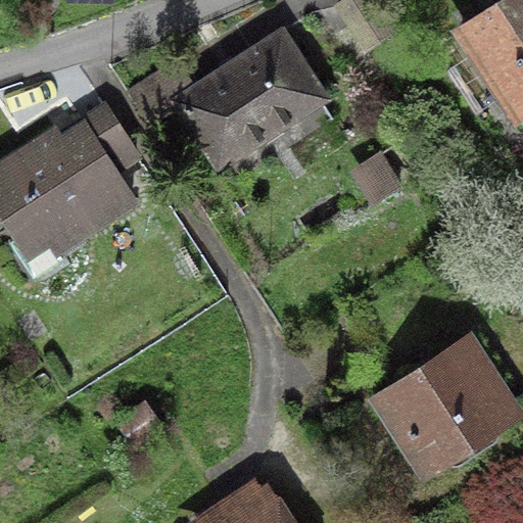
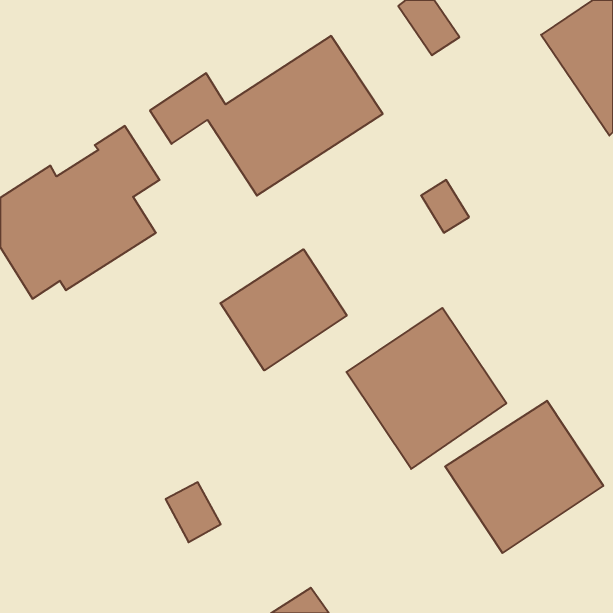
building: none -> [220,249,347,370]
building: none -> [346,308,506,469]

